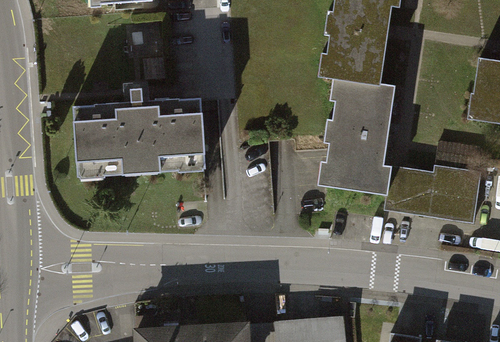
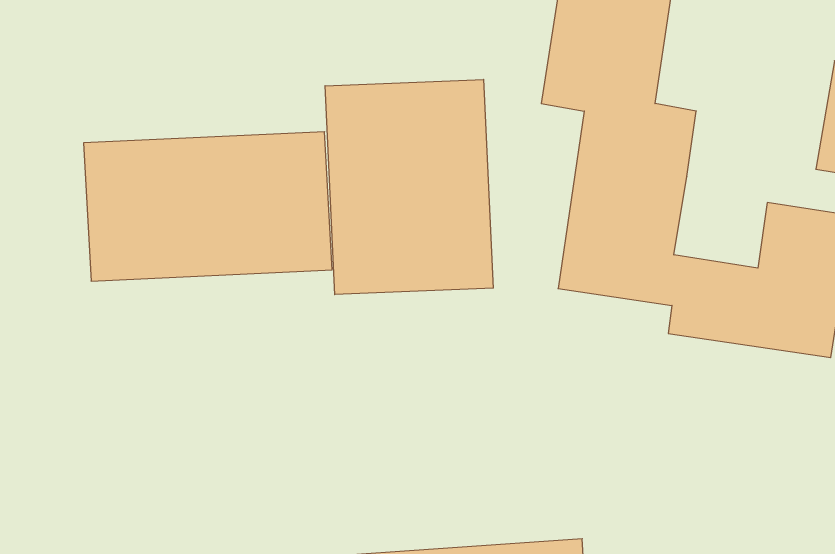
building: none -> [325,79,493,295]

